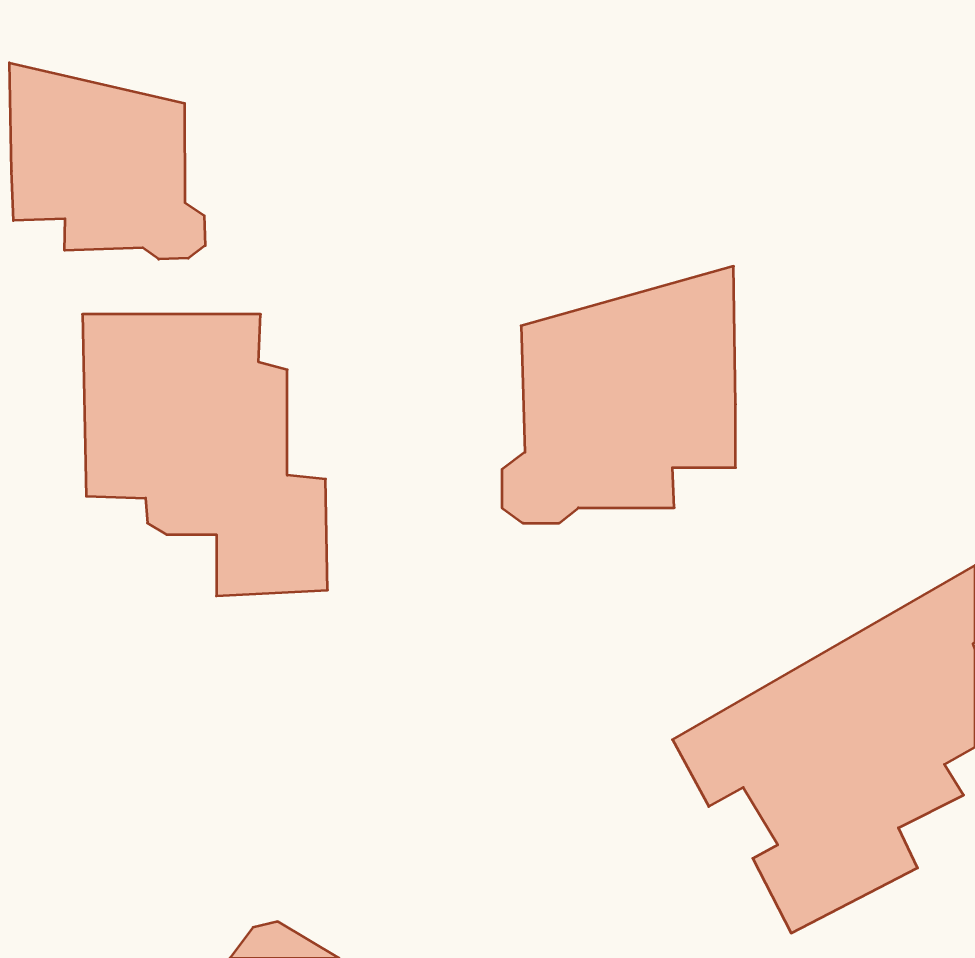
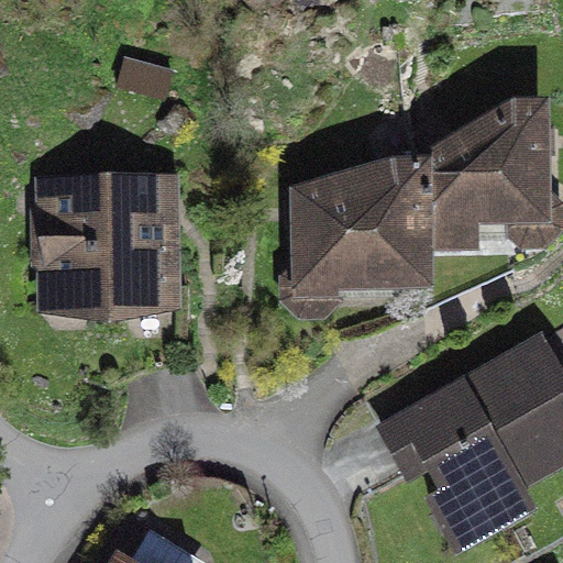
building: [9,63,205,259] -> none
building: none -> [421,103,555,232]

